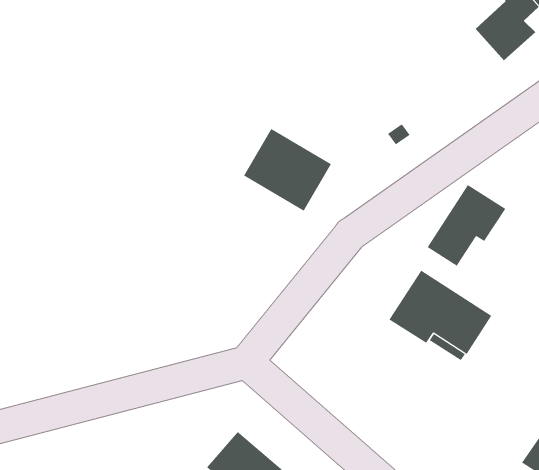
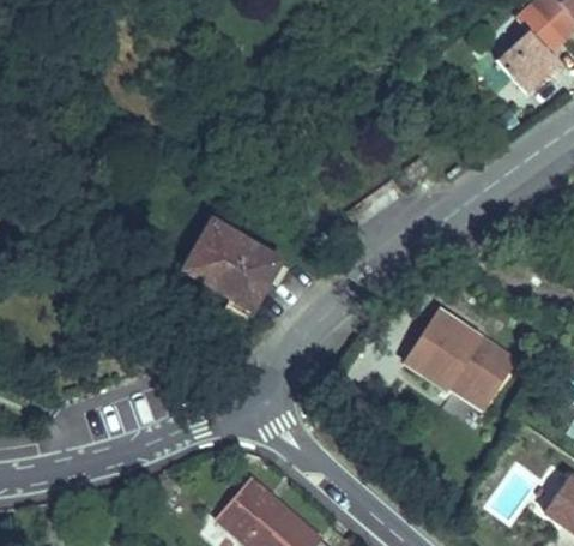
building: [243,128,332,211] -> [186,221,278,307]
building: [427,184,506,267] -> none

